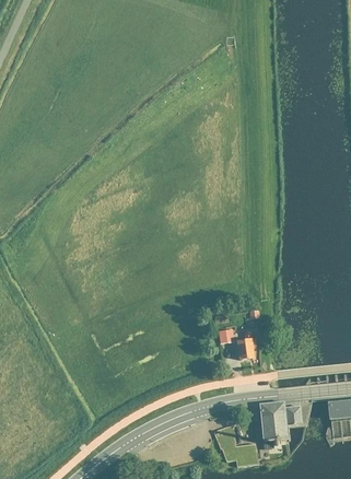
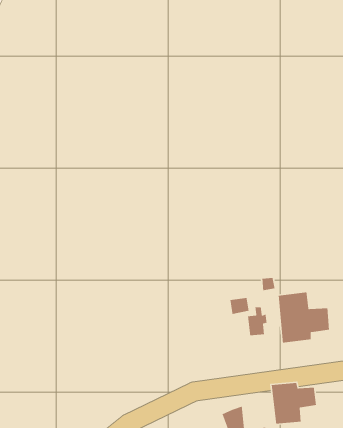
building: none -> [278,292,330,343]

